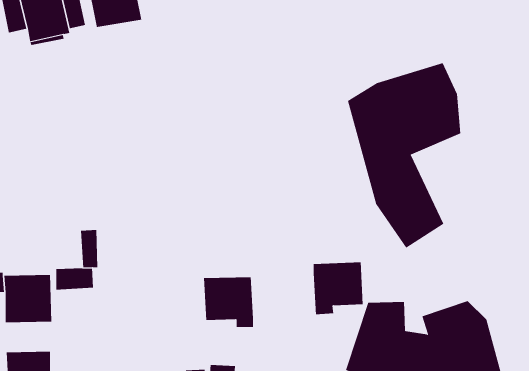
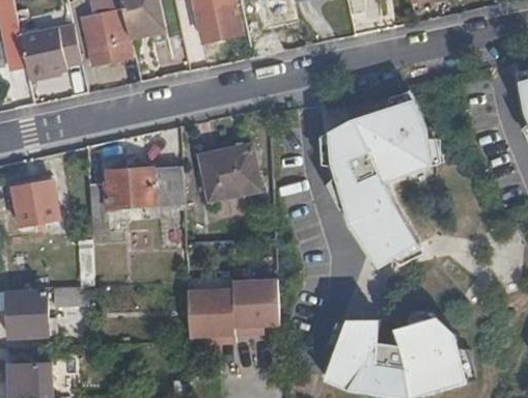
building: none -> [198,154,244,198]
building: none -> [89,169,185,230]
building: none -> [13,180,60,226]
building: [313,262,364,315] -> [234,284,281,333]

